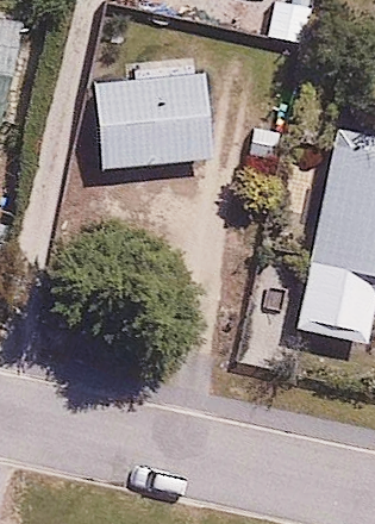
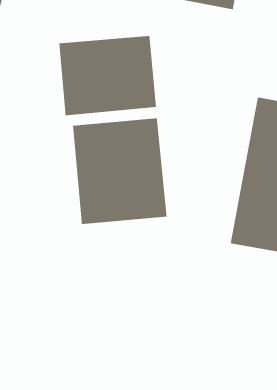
building: none -> [73,117,167,225]

